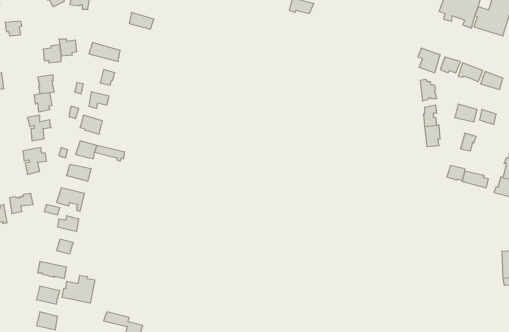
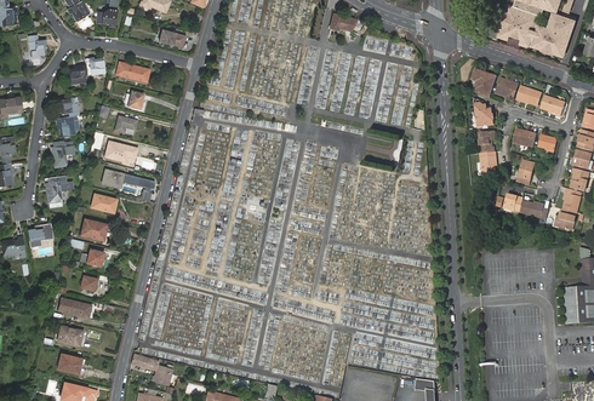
building: [62,275,95,303] -> none

